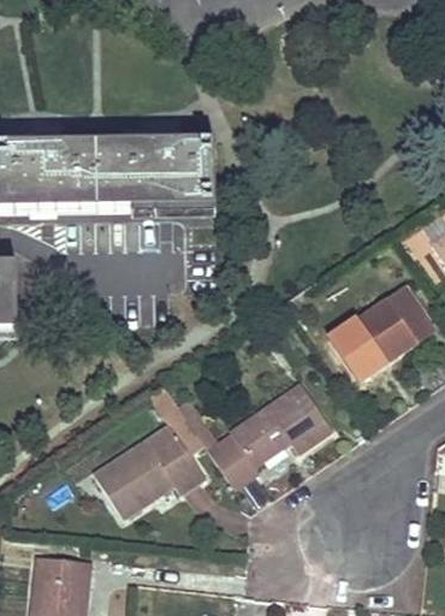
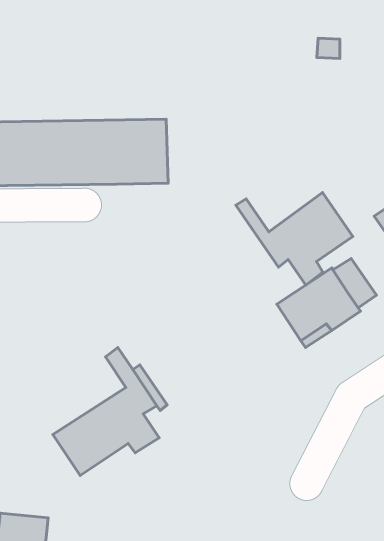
building: none -> [236,193,353,285]
building: [209,381,333,488] -> none

